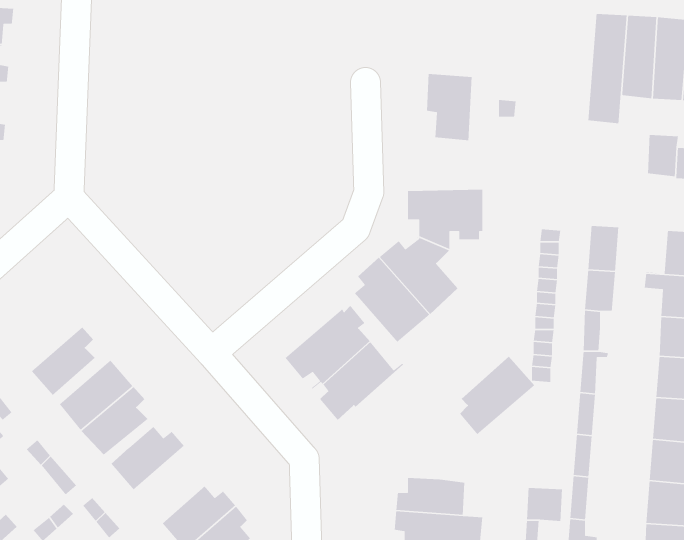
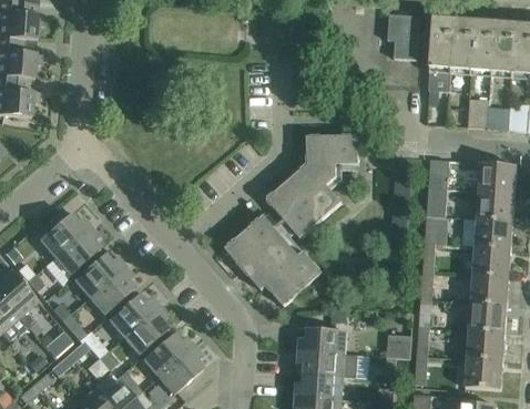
building: [426,73,473,141] -> [387,13,418,59]
building: none -> [39,213,89,256]
building: [459,356,535,435] -> [271,252,322,305]
building: none -> [123,306,167,352]

